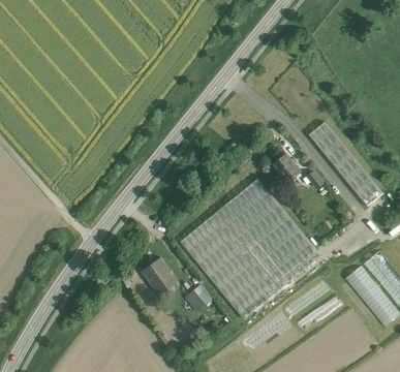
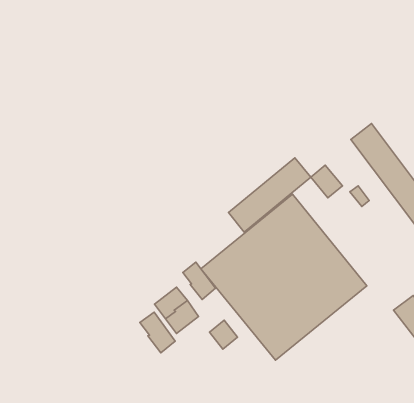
building: none -> [228,158,311,232]
building: none -> [183,262,216,300]
building: none -> [140,312,175,353]

